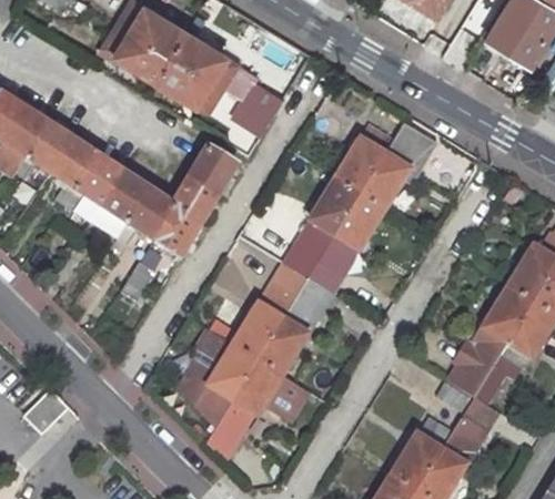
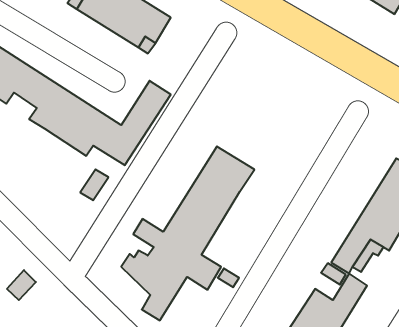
building: [238,84,284,132] -> none
building: [307,122,407,252] -> none

